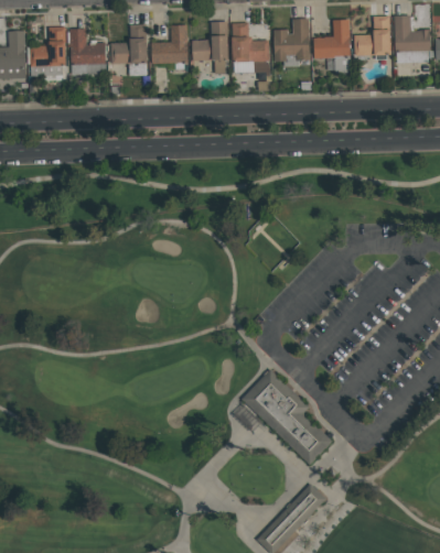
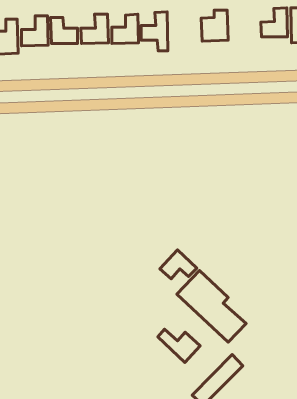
building: [313,20,351,57] -> none
building: [232,22,270,73] -> none
building: none -> [160,250,197,279]
building: none -> [158,329,200,362]

